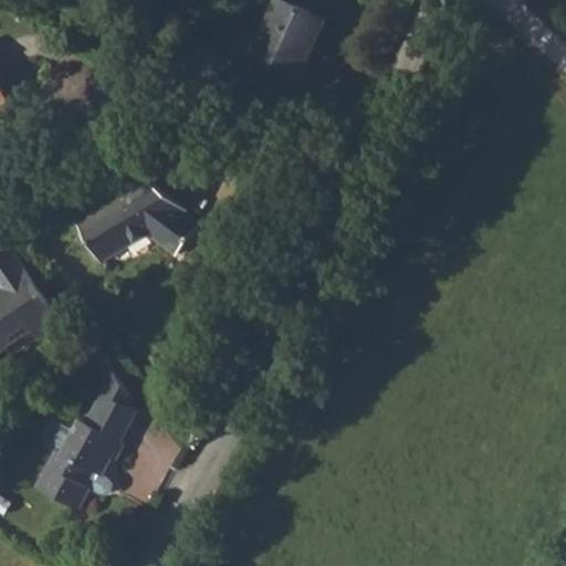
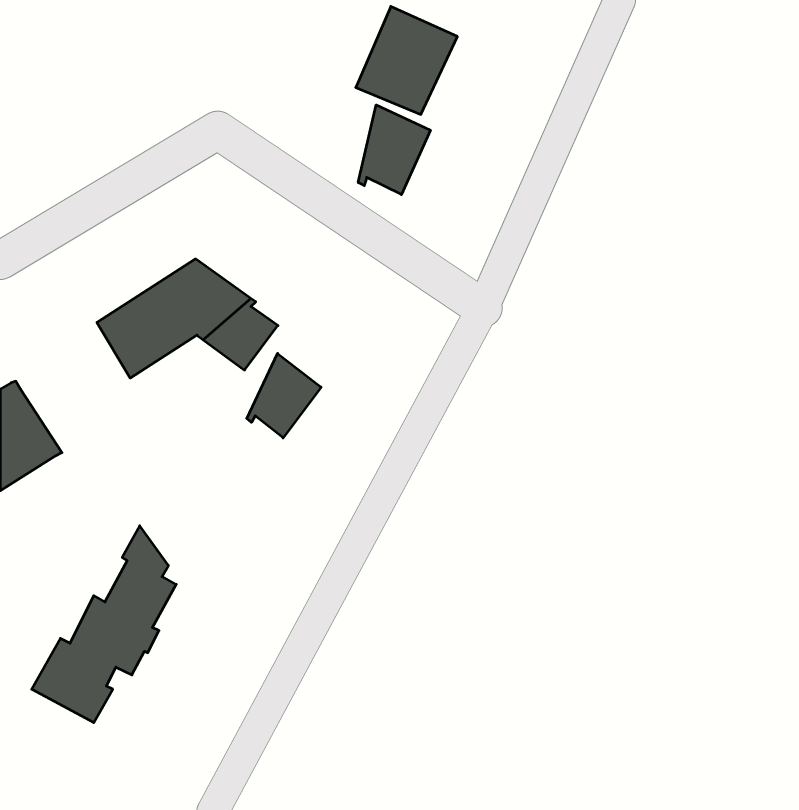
building: none -> [358,105,430,195]
building: none -> [247,353,321,438]

